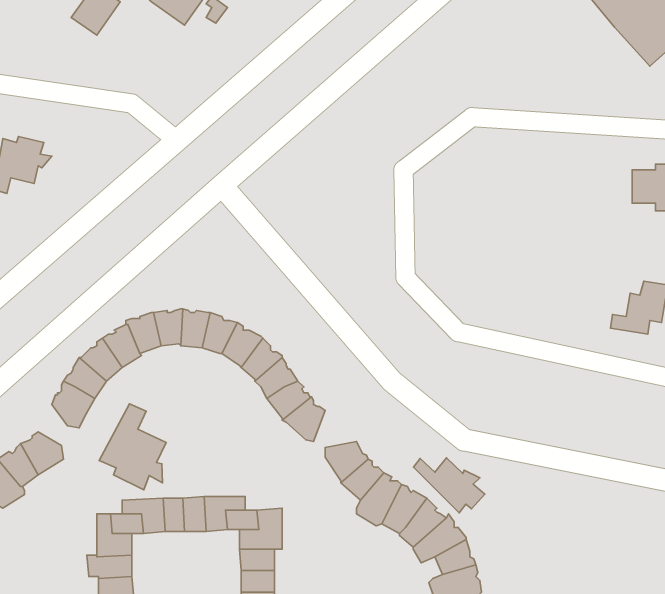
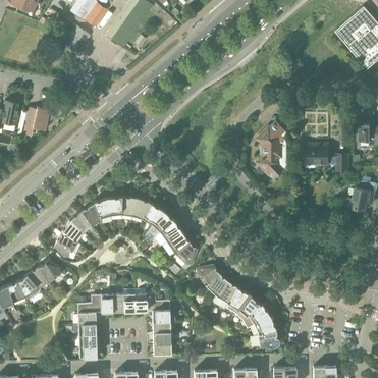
building: none -> [257,122,285,177]
building: none -> [306,144,348,170]
building: [99,404,166,490] -> none
building: [414,458,485,513] -> none

